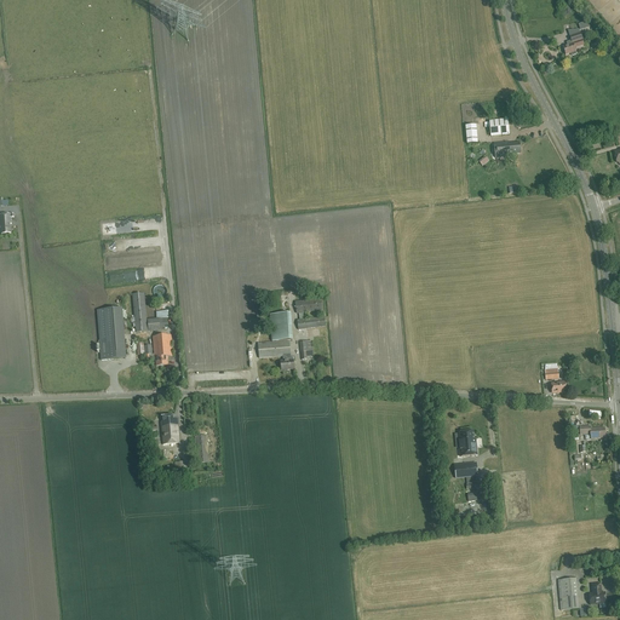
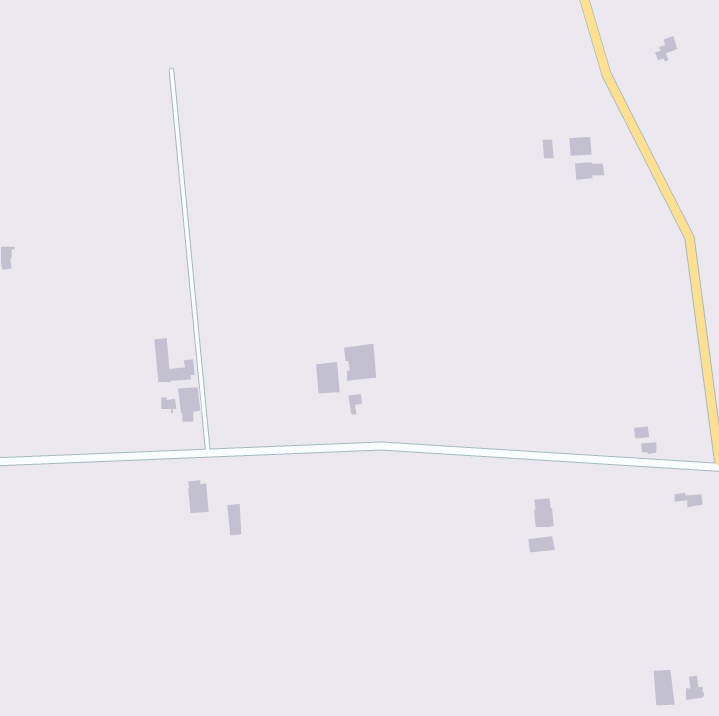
building: [98,306,125,358] -> none
building: [258,339,294,368] -> none

